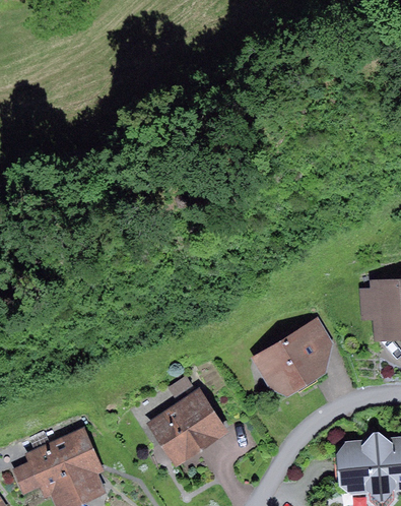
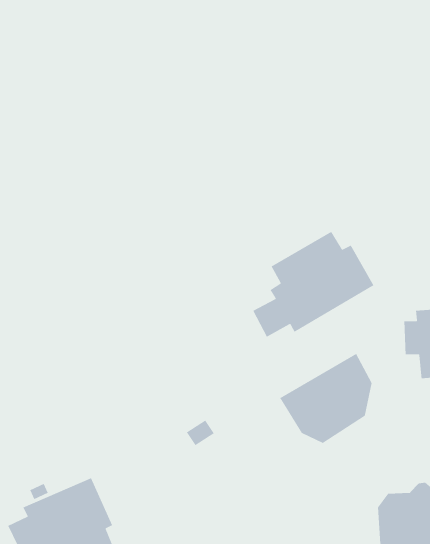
building: none -> [252,231,374,338]
building: [147,388,227,466] -> none

